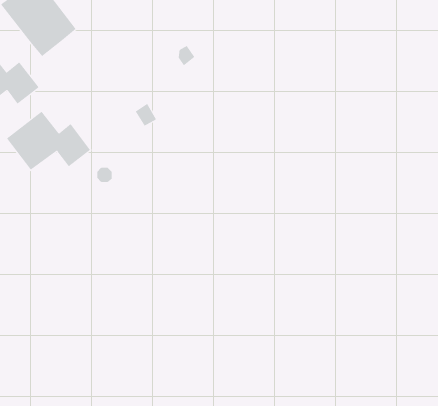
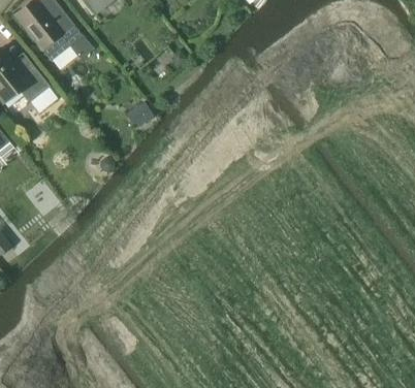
building: [6,111,91,171] -> none

